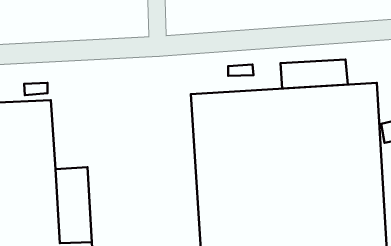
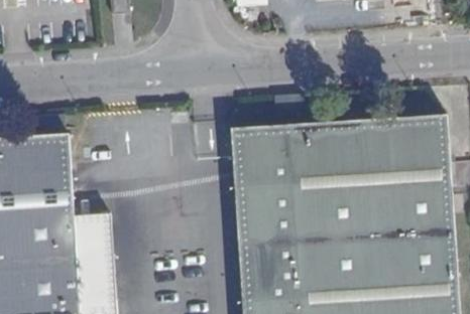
building: [281,59,348,89] -> none

